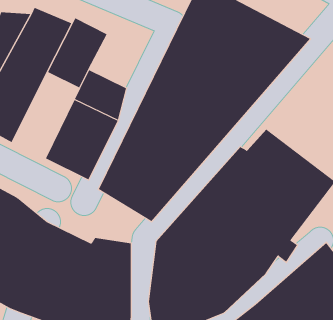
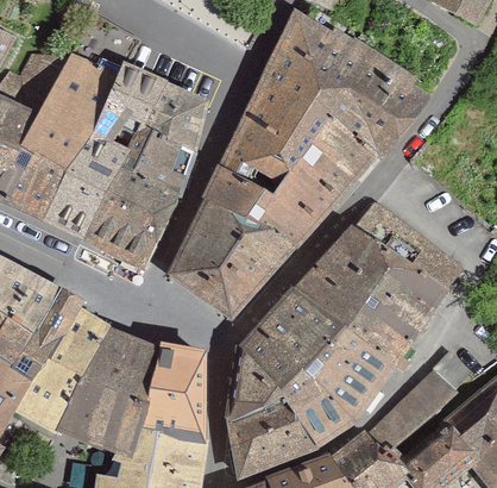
building: none -> [149,83,212,152]
building: none -> [50,132,137,243]

